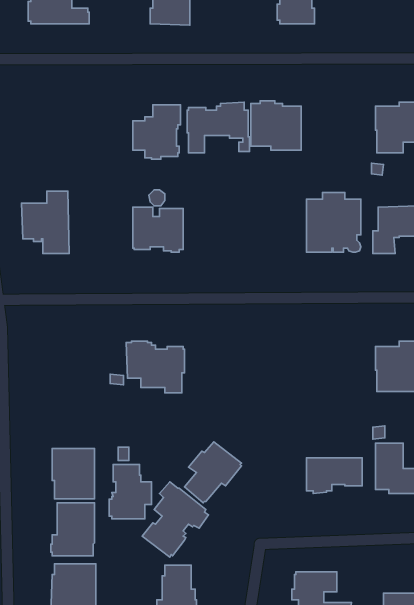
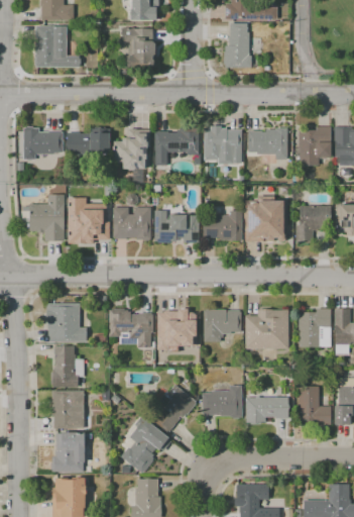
building: none -> [22,126,63,159]
building: none -> [67,126,110,153]
building: none -> [248,126,286,159]
building: none -> [68,197,109,242]
building: none -> [153,210,199,242]
building: none -> [203,210,242,239]
building: none -> [46,303,87,341]
building: none -> [157,308,197,349]
building: none -> [203,308,240,341]
building: none -> [245,309,288,348]
building: none -> [202,385,241,418]
building: [109,465,152,519] -> [50,345,83,387]

